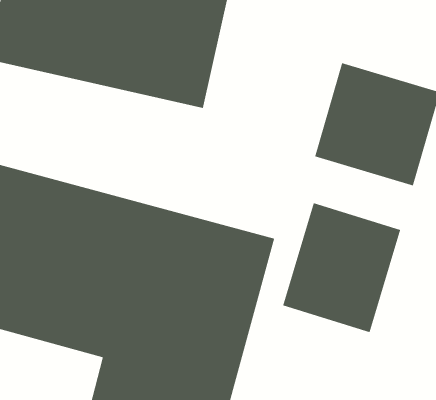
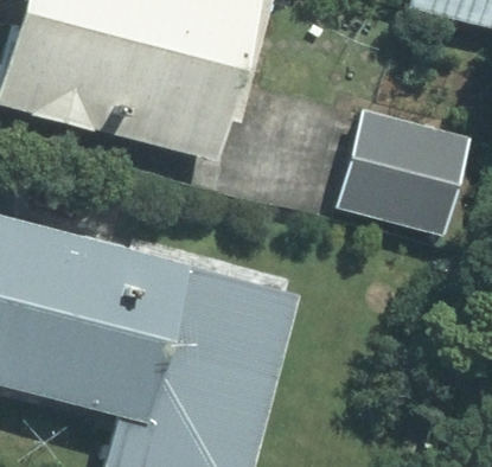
building: [282,202,401,333] -> none

